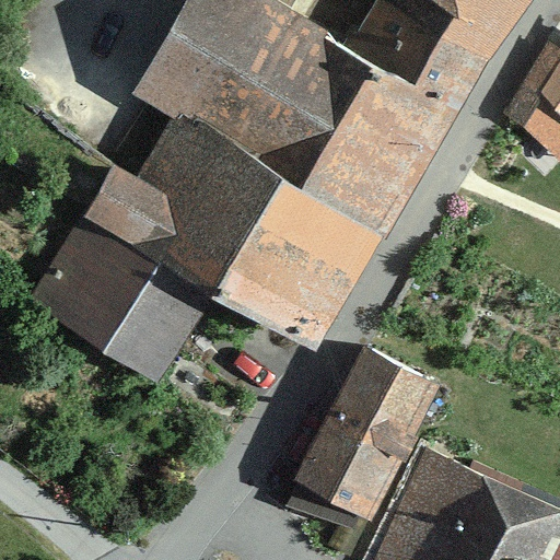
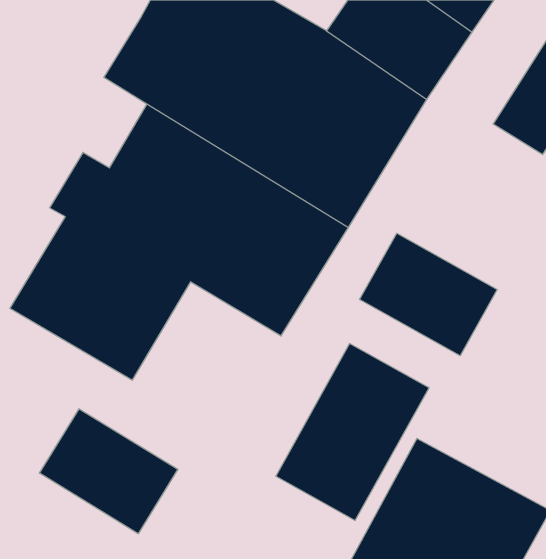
building: none -> [360,233,497,356]
building: none -> [39,409,178,534]

